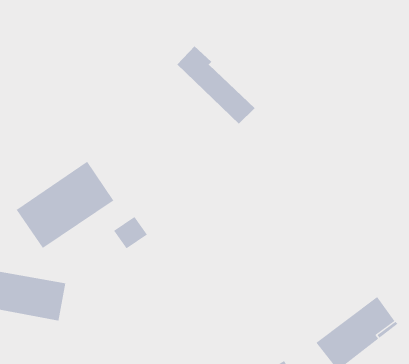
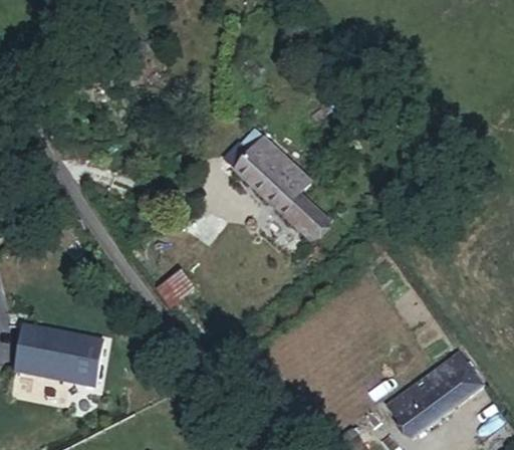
building: [176,46,256,124] -> [232,140,323,231]
building: [16,161,114,249] -> none

